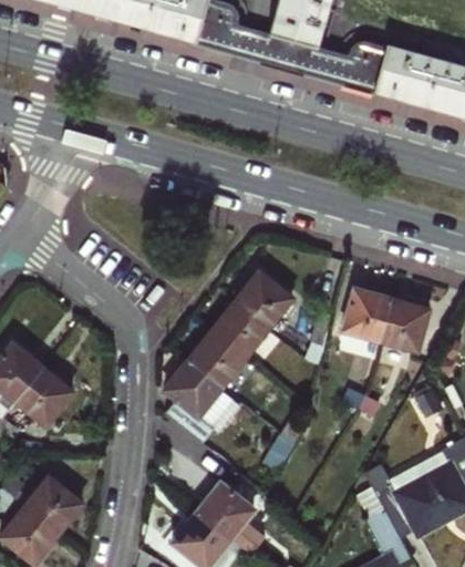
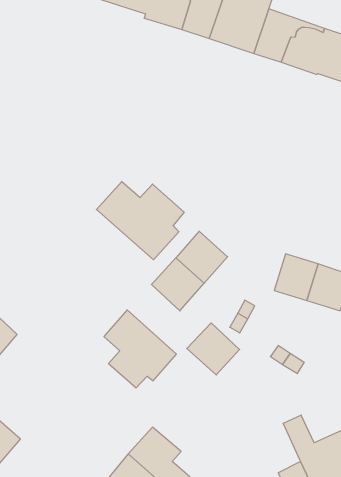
building: none -> [96,181,184,260]
building: [188,329,245,384] -> [187,323,240,375]

